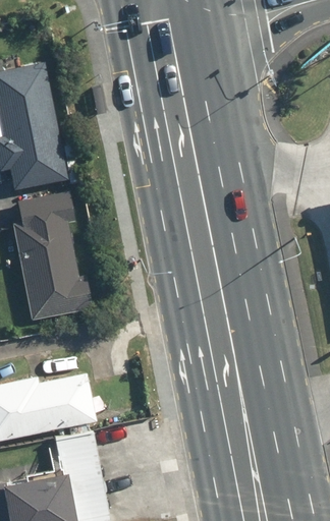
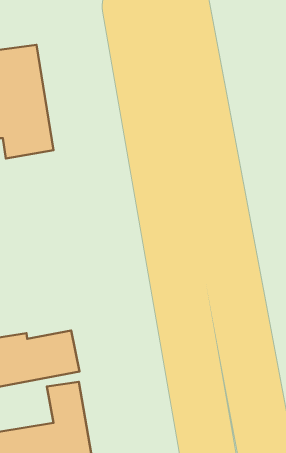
building: [11,195,93,321] -> none

